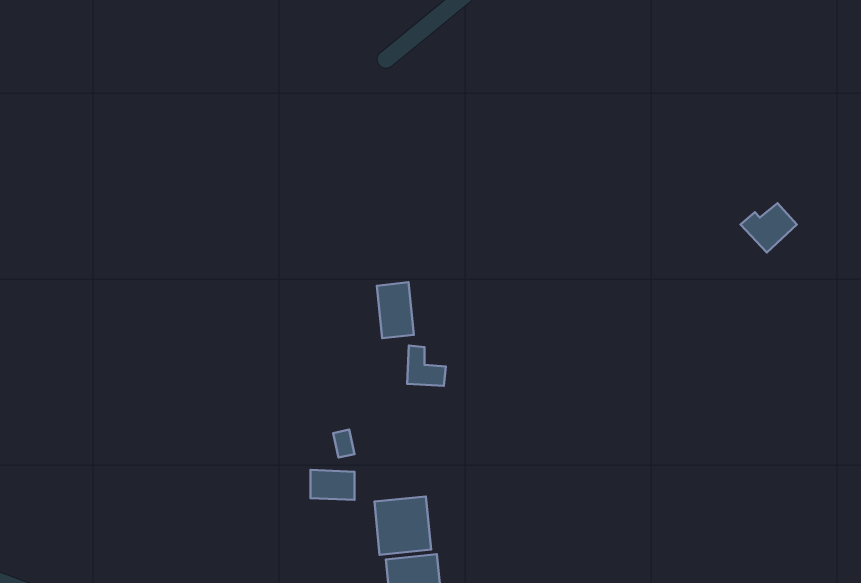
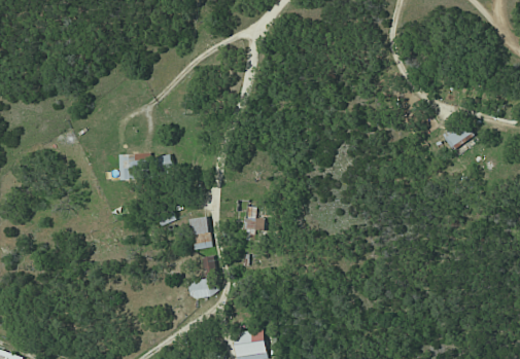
building: [377,282,414,338] -> [188,217,210,250]
building: [374,496,431,555] -> none

